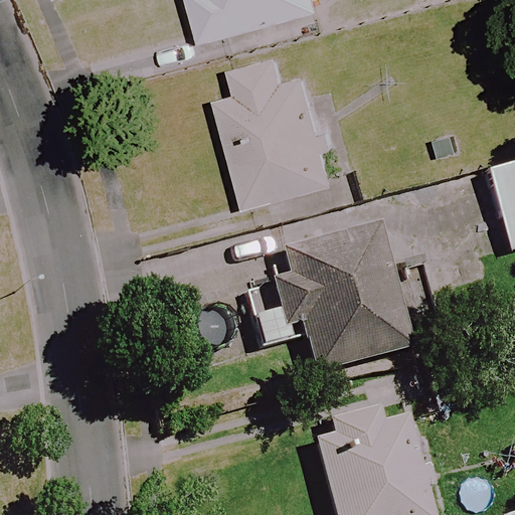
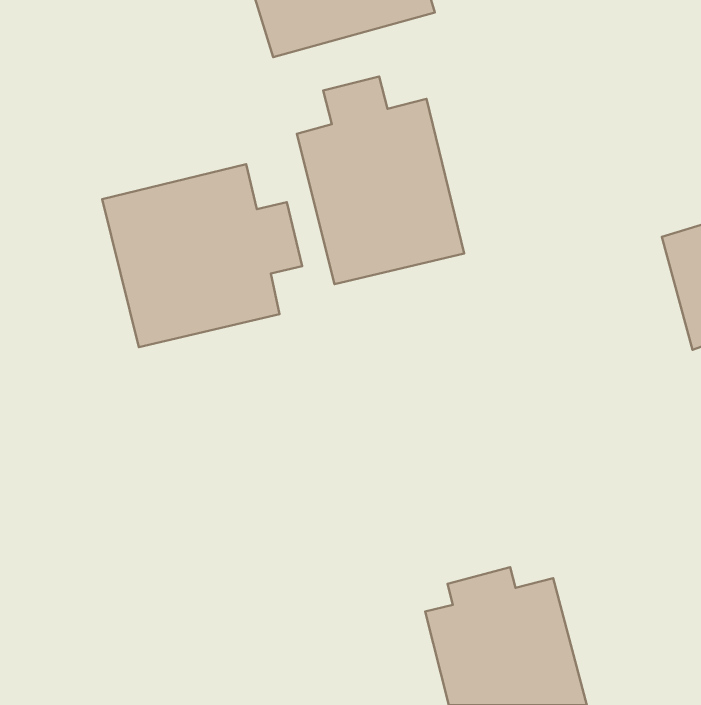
building: none -> [102,164,302,347]
building: [265,225,412,373] -> none

